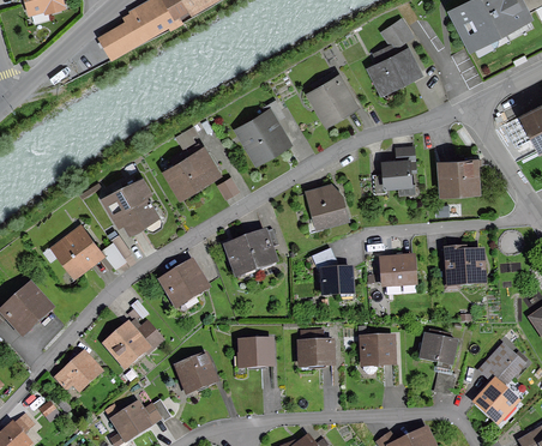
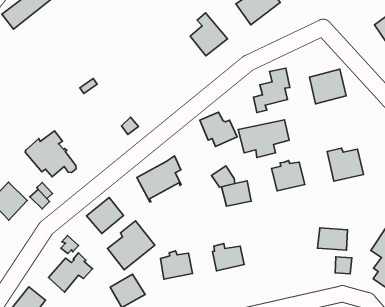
building: [241,100,285,158] -> none
building: [168,144,215,193] -> none
building: none -> [238,120,289,158]
building: none -> [108,221,155,270]
building: [362,337,395,362] -> none

